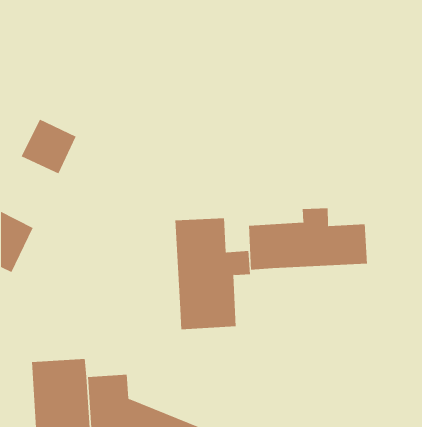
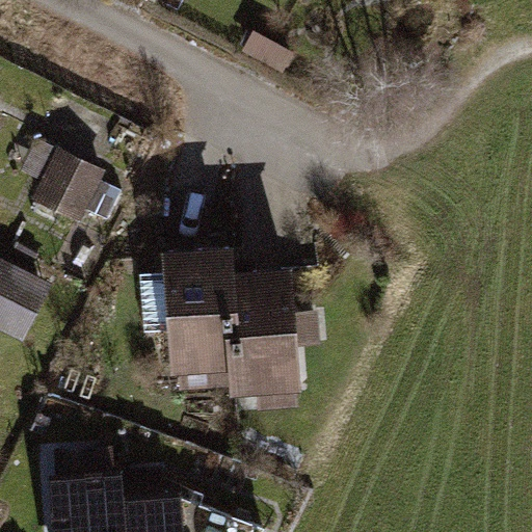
building: none -> [141,247,231,388]
building: [249,207,367,270] -> none

